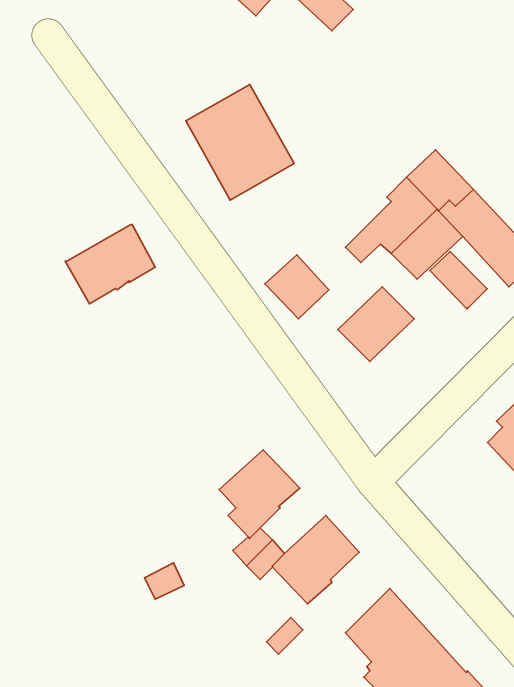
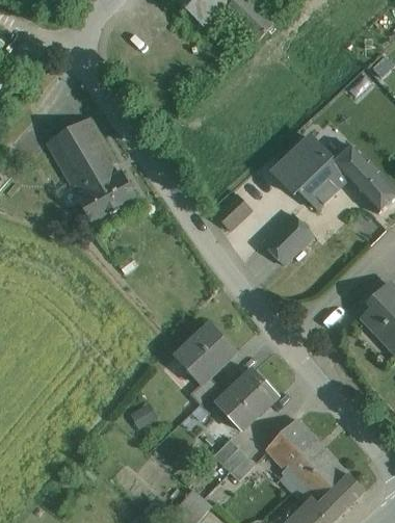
building: [186,84,294,200] -> [47,116,121,195]
building: [430,251,487,309] -> none
building: none -> [221,447,255,480]

